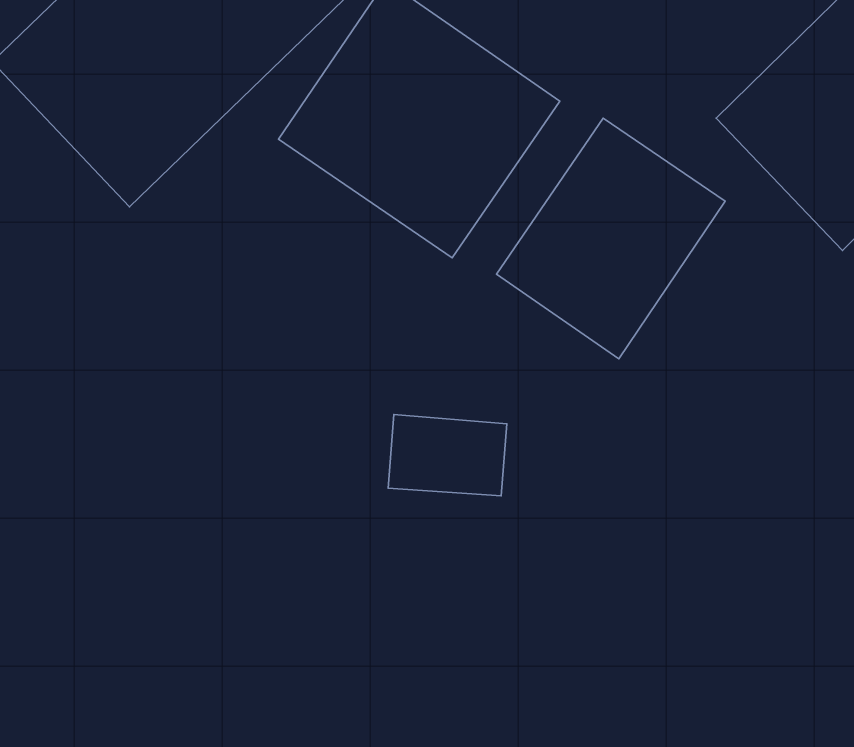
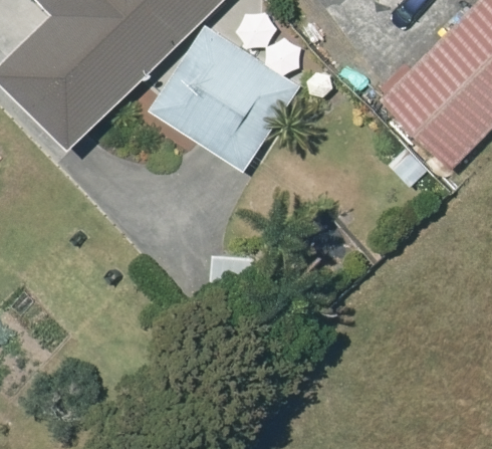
building: [497,118,725,359] -> none

